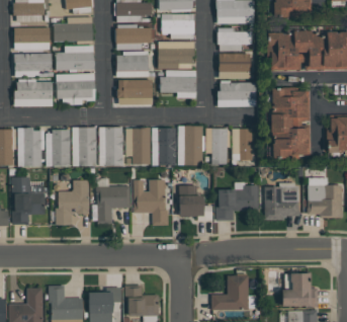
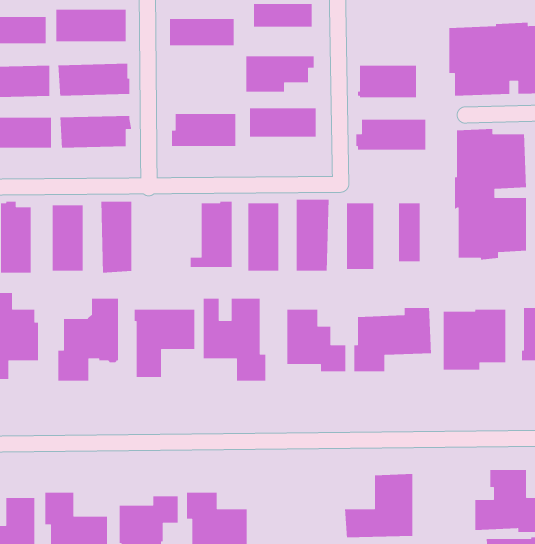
building: [218,27,253,44] -> none
building: [116,54,149,70] -> none
building: [105,127,123,165] -> none

